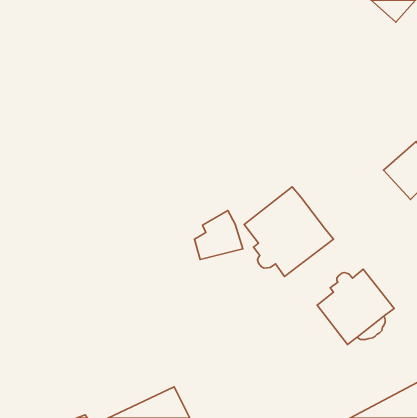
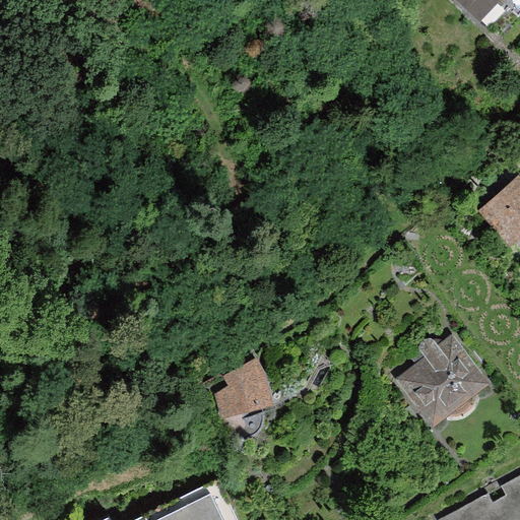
building: [244,187,333,277] -> none
building: [194,210,243,259] -> [214,359,274,419]

